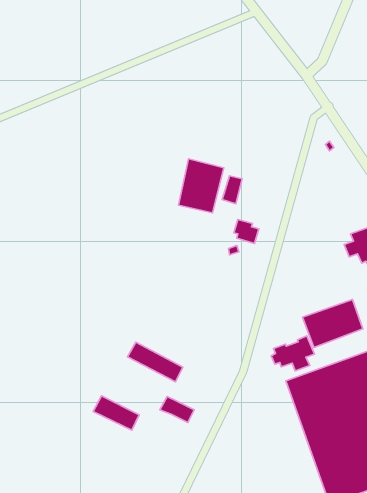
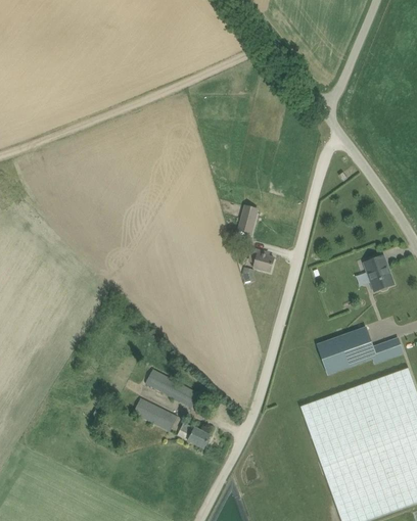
building: [178,159,224,213] -> none
building: [271,336,314,371] -> none
building: [93,396,139,430] -> [133,397,178,431]

